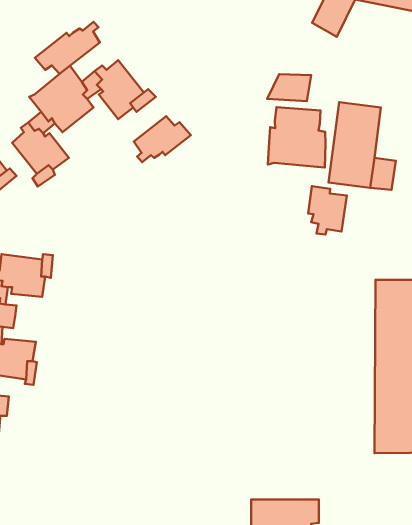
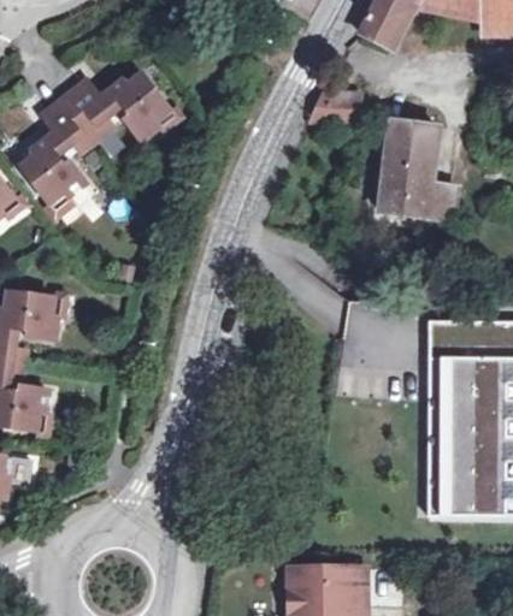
building: [35,22,100,74] -> none
building: [268,107,326,168] -> none
building: [134,116,191,162] -> none
building: [308,186,347,234] -> none

